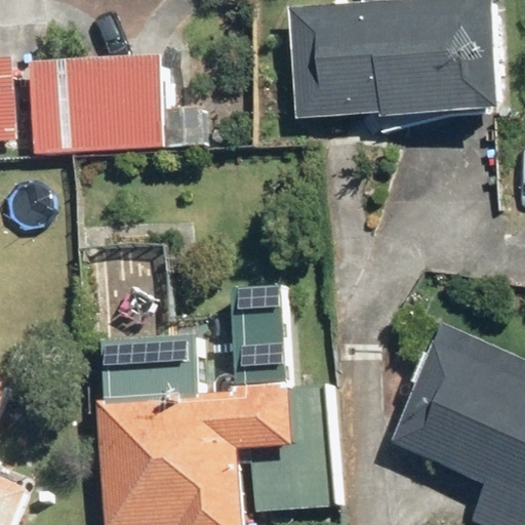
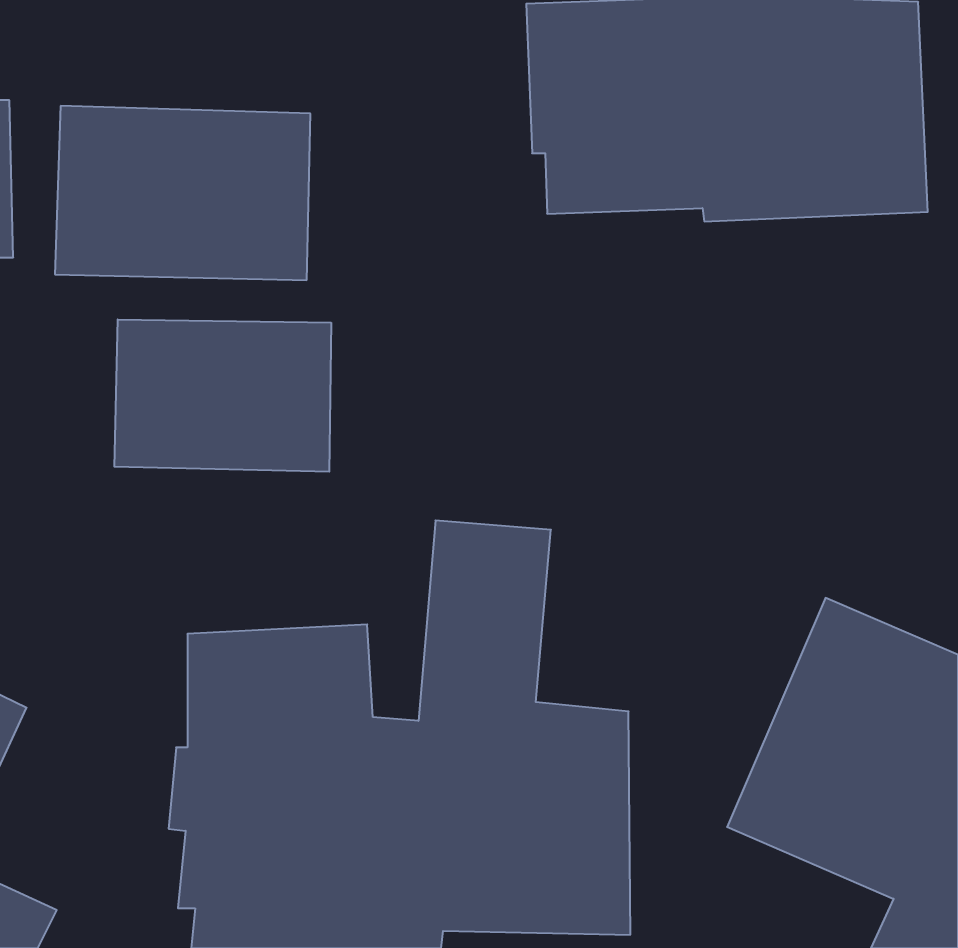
building: none -> [114,319,331,472]

